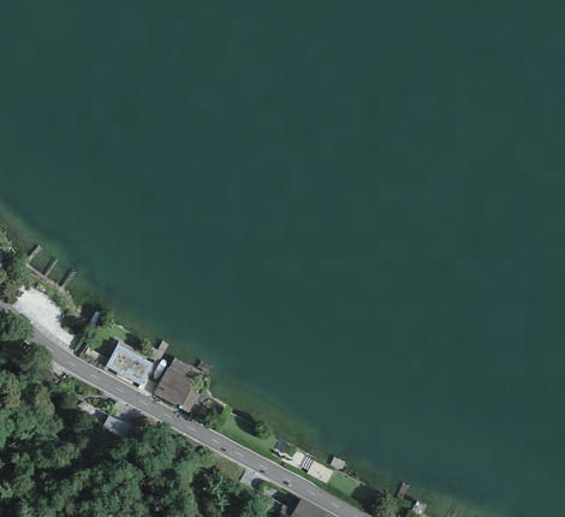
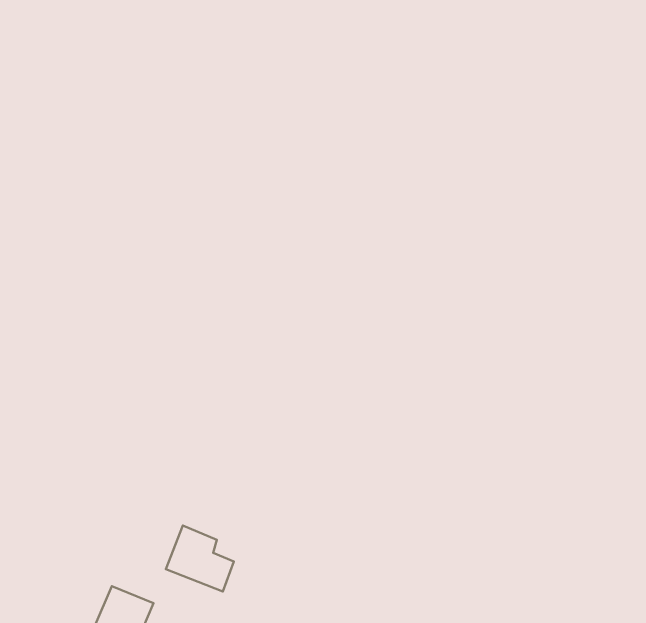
building: [105,344,151,384] -> none

